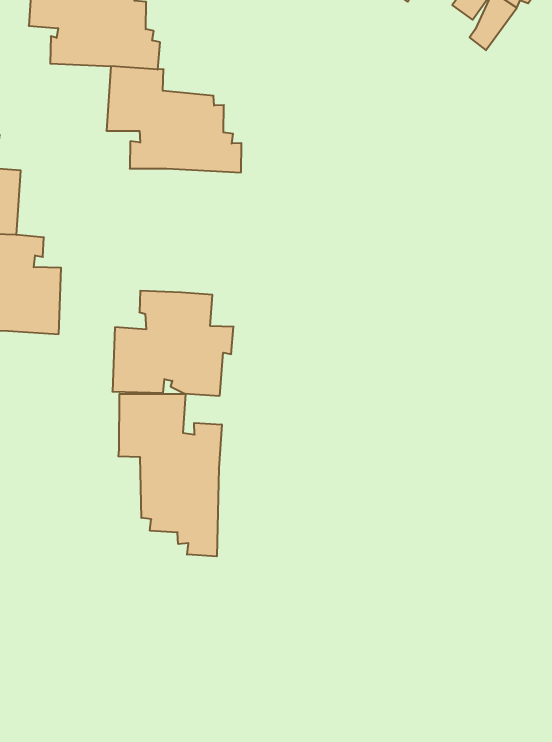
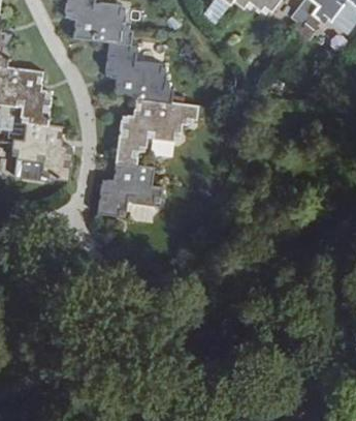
building: none -> [115,96,196,162]
building: [118,394,222,556] -> none

